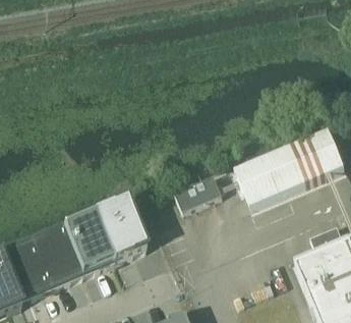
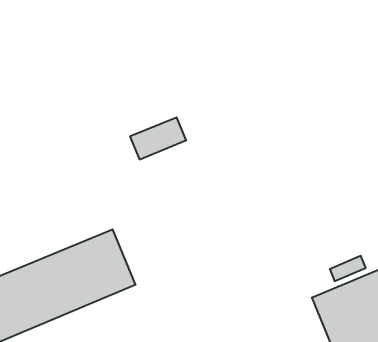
building: [233,131,343,208] -> none
building: [173,176,221,212] -> [130,117,186,159]

